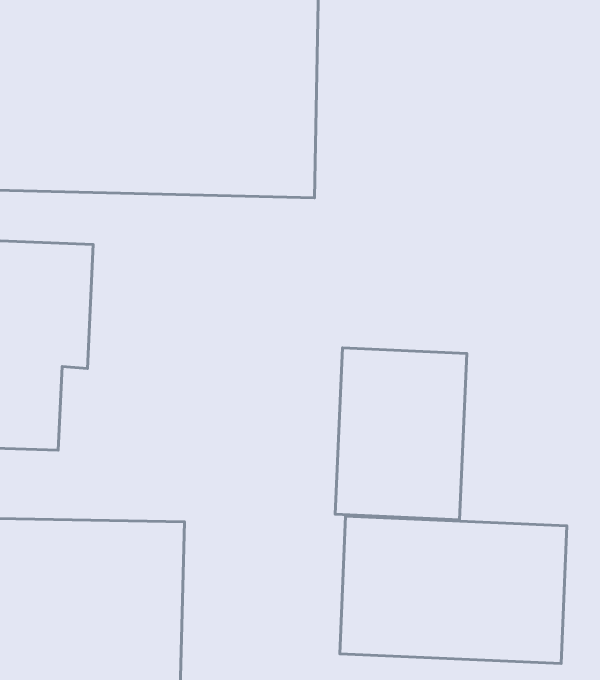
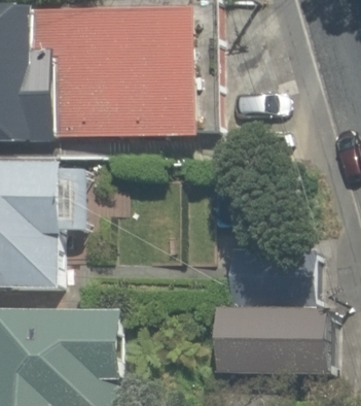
building: [335,348,467,520] -> none

